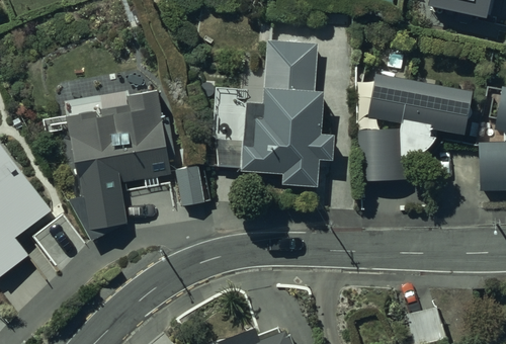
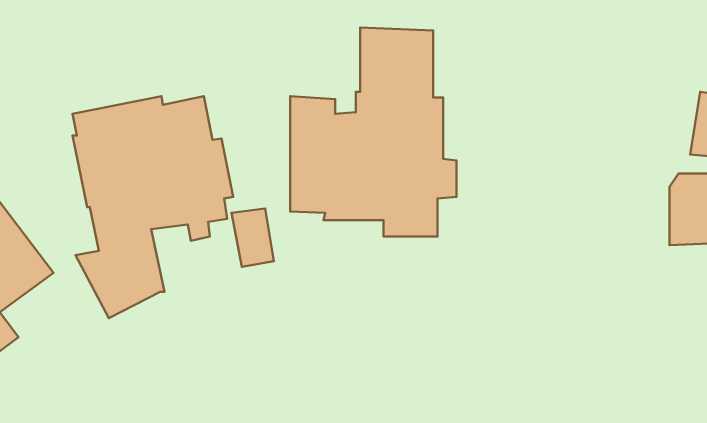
building: [357,72,472,181] -> none

